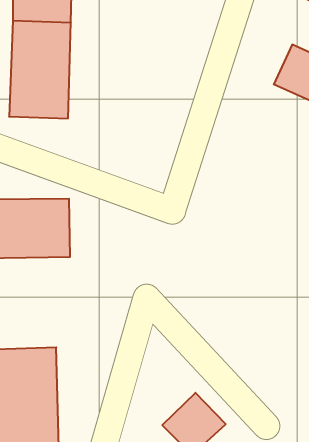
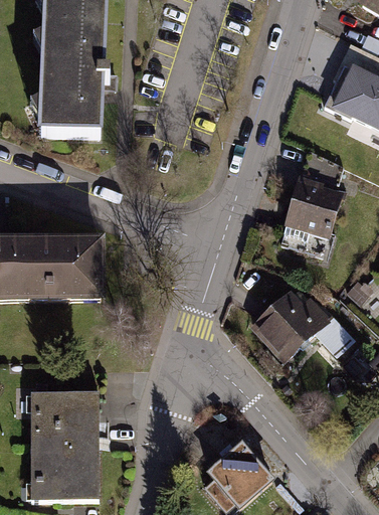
building: none -> [278,180,342,258]
building: none -> [248,282,358,366]

